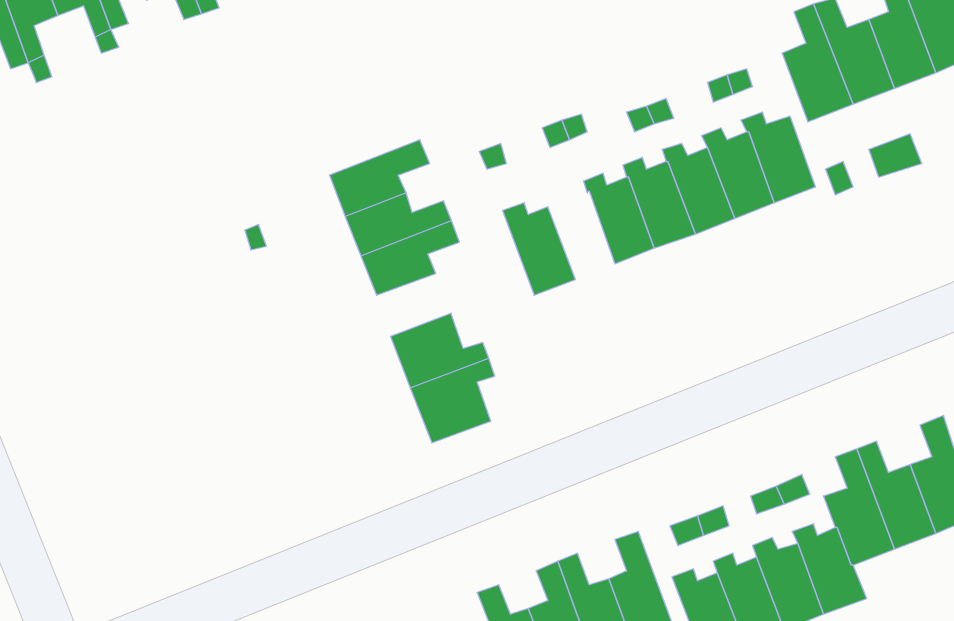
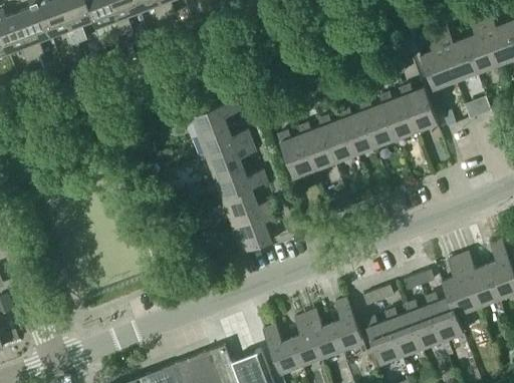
building: none -> [298,123,335,170]
building: none -> [214,167,268,200]

